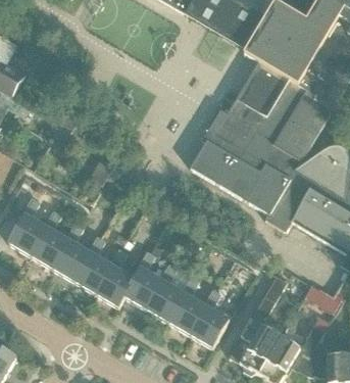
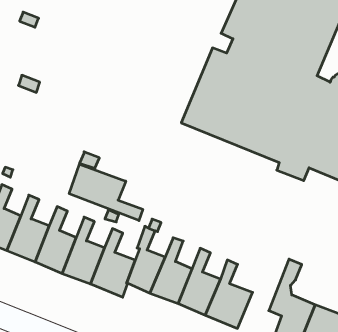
building: none -> [69,164,143,221]

